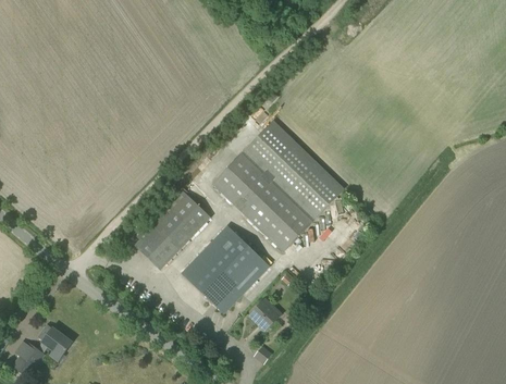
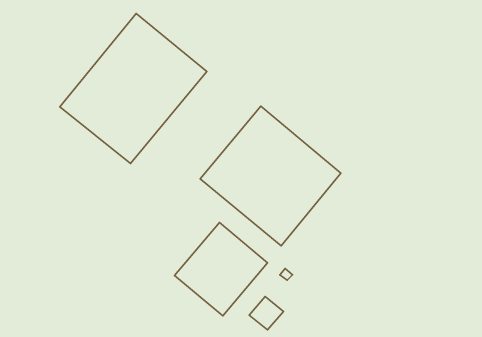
building: none -> [60,13,207,164]
building: [134,189,211,271] -> none

